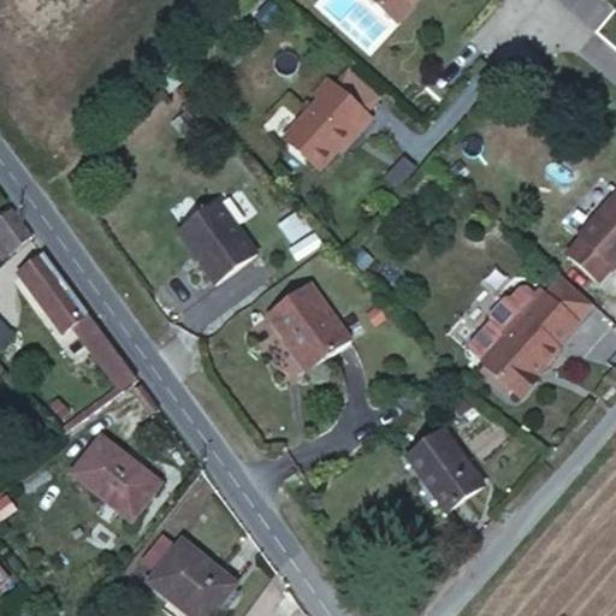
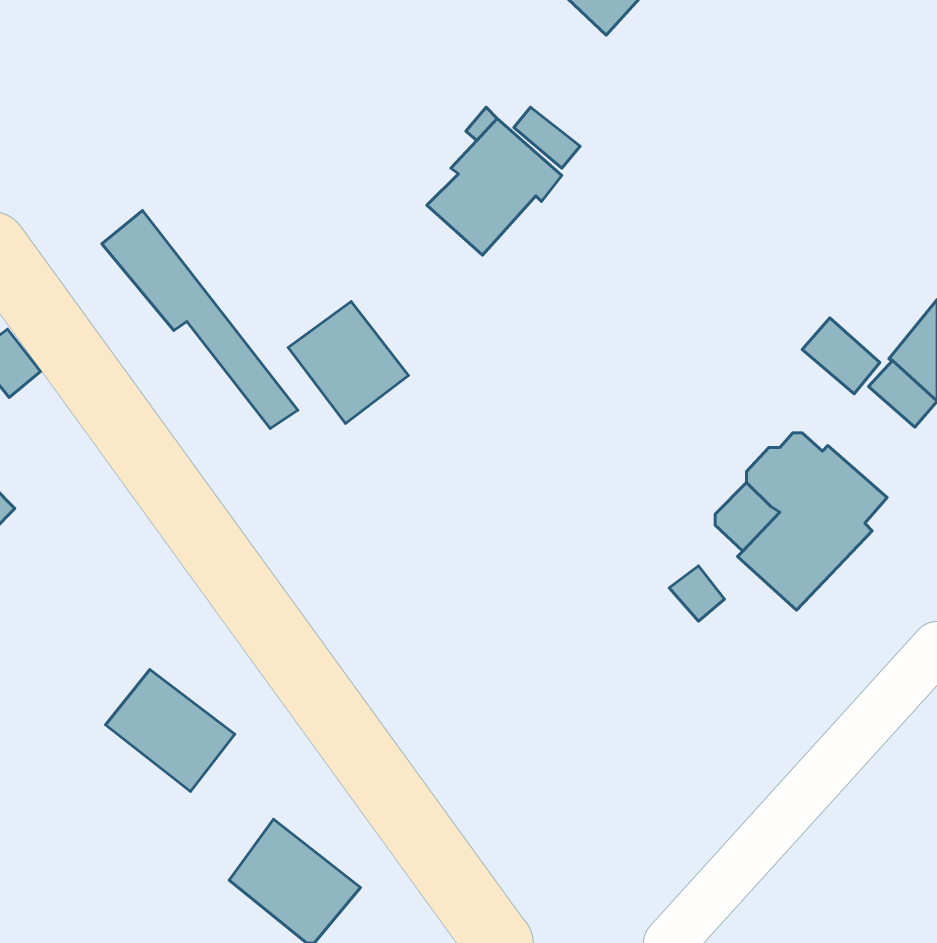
building: [13,259,141,401] -> [102,210,298,429]
building: [544,274,594,324] -> [802,318,880,394]
building: [277,284,355,367] -> none
building: [419,438,491,515] -> none

